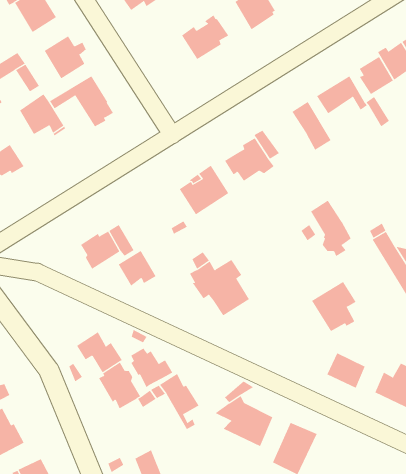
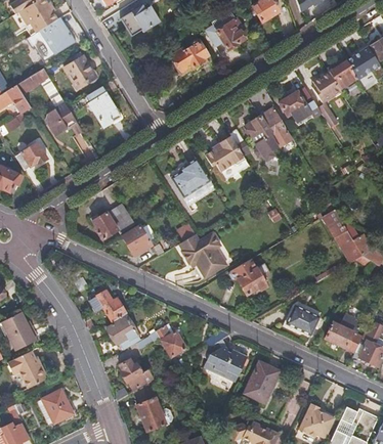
building: [310,200,352,257] -> [245,116,278,161]
building: [311,281,356,332] -> [232,255,268,295]
building: [131,348,173,388] -> [120,360,154,392]

